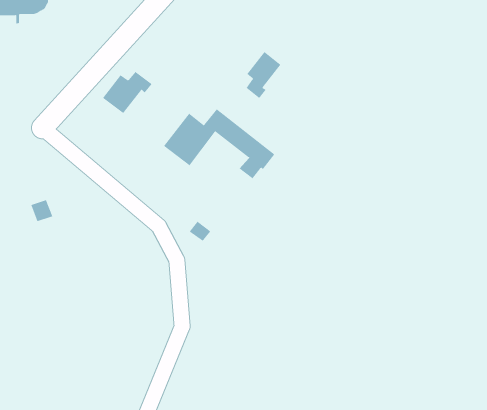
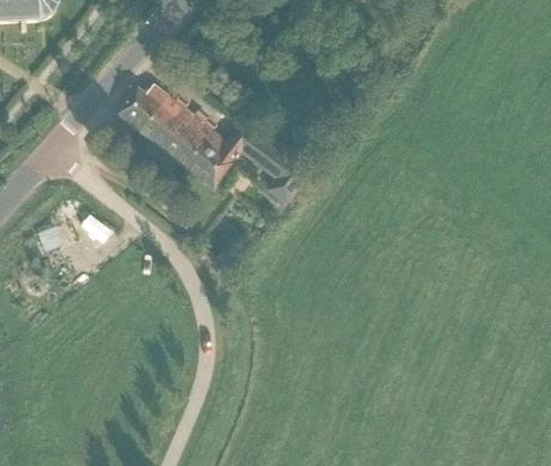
building: [246,51,281,99] -> none
building: none -> [139,95,211,164]

